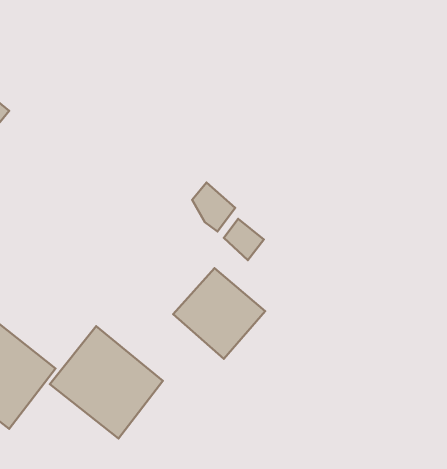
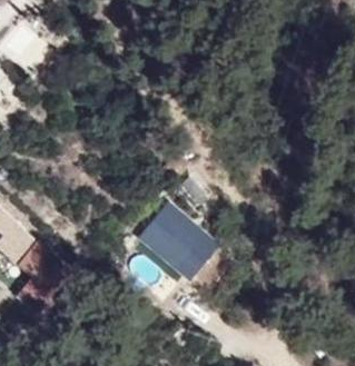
building: [50,326,163,438] -> none

